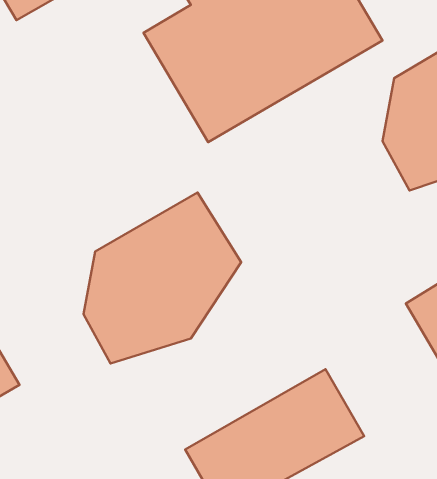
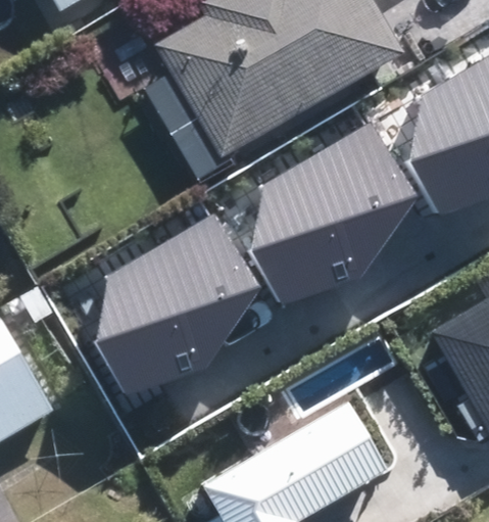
building: none -> [250,123,417,304]

